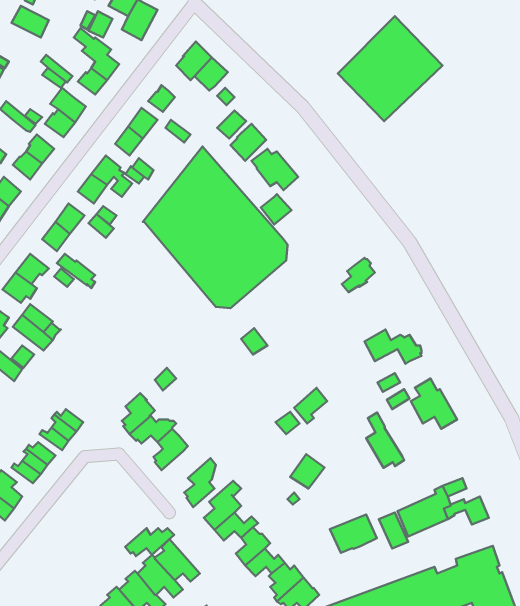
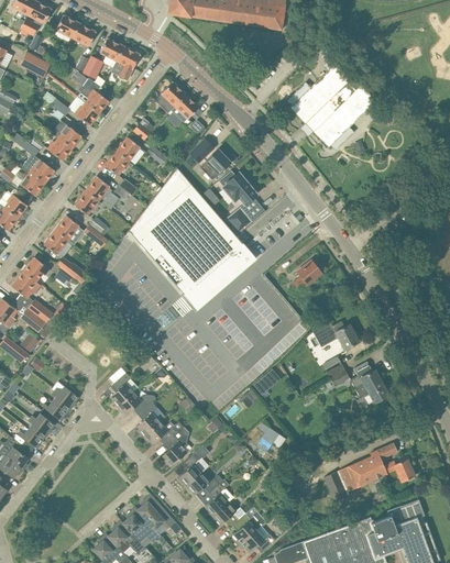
building: [366,412,404,468] -> none
building: [330,514,377,553] -> none
building: [125,528,174,556] -> [143,421,184,444]

